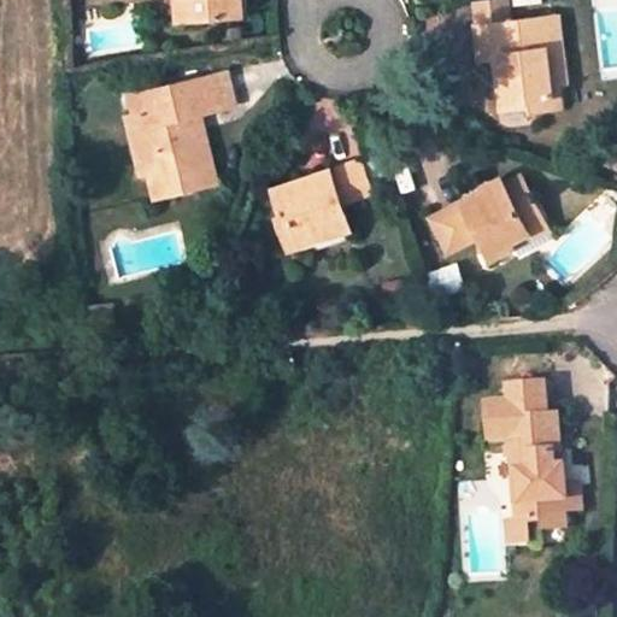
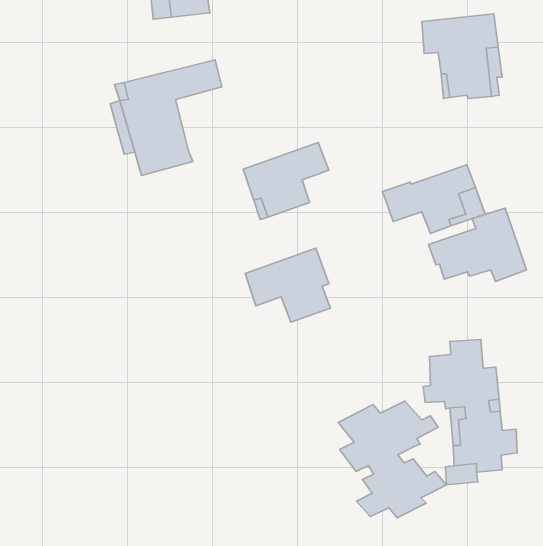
building: none -> [429,208,526,282]
building: none -> [245,248,330,322]
building: none -> [338,401,447,518]

